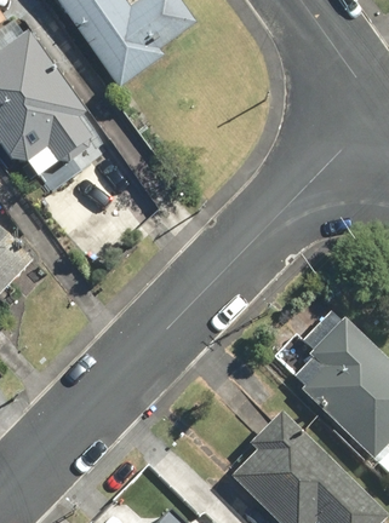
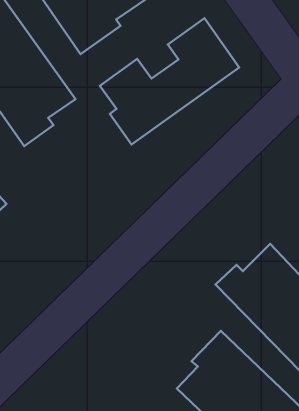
building: none -> [100,18,239,145]

